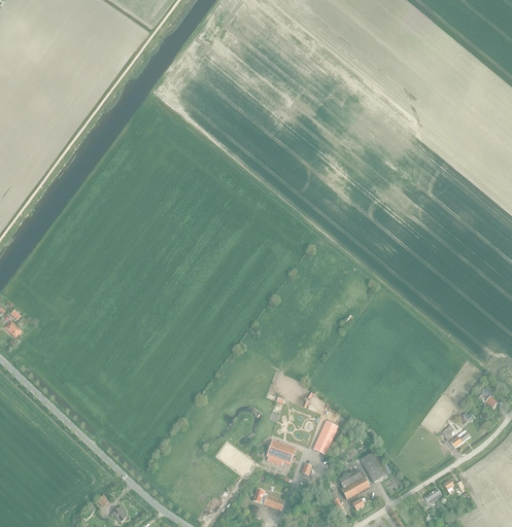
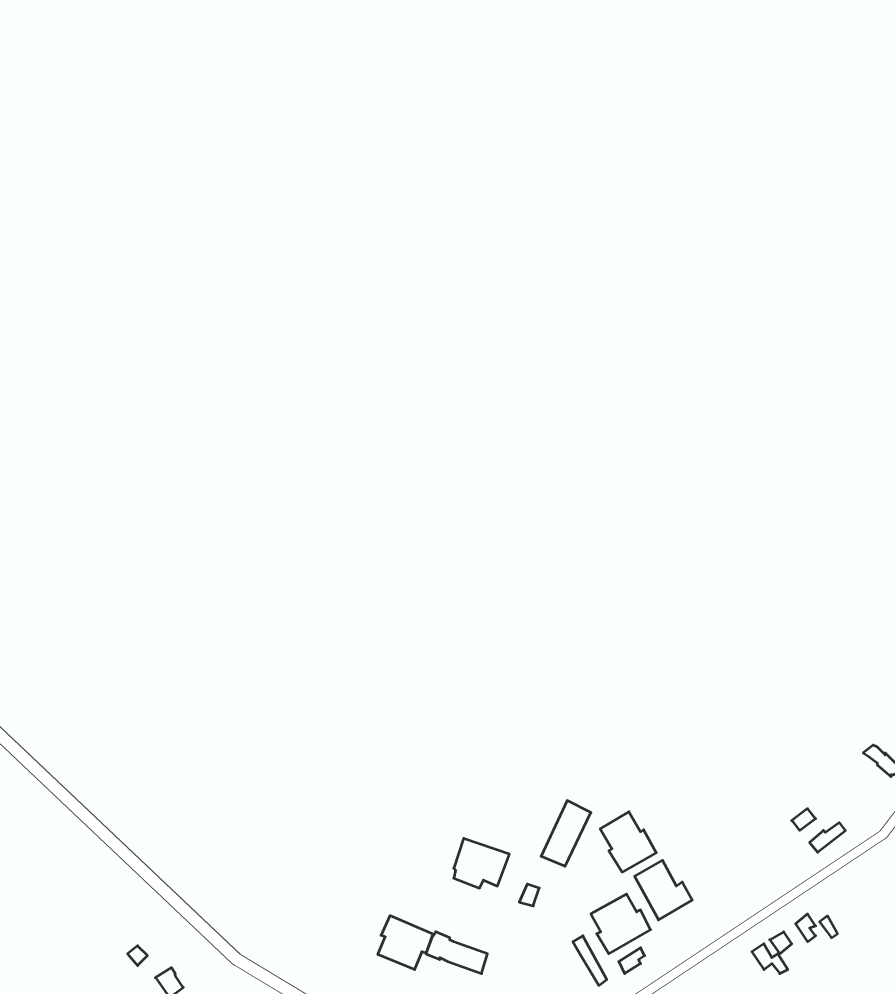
building: none -> [600,812,656,872]
building: none -> [378,916,433,970]

